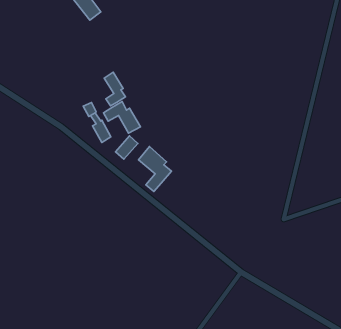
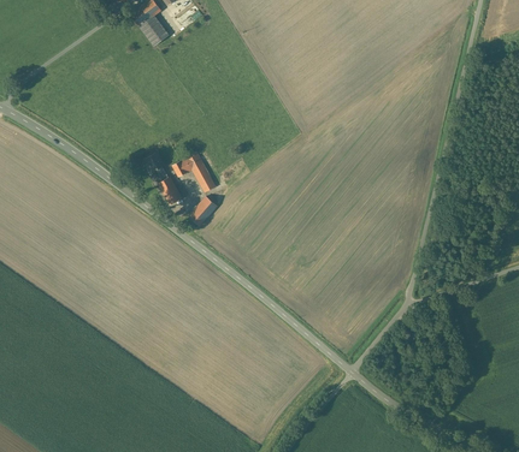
building: [104,72,125,106] -> none
building: [139,146,172,191] -> none

